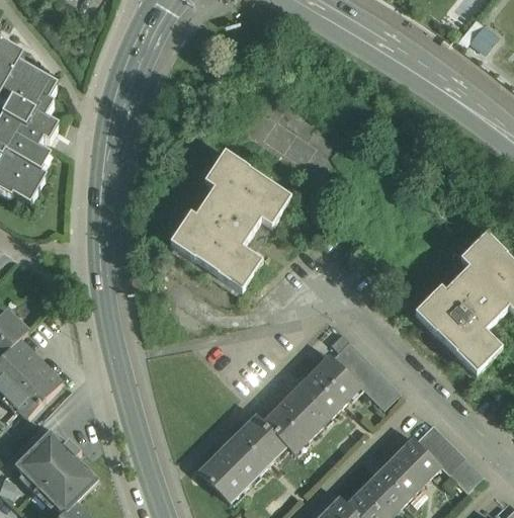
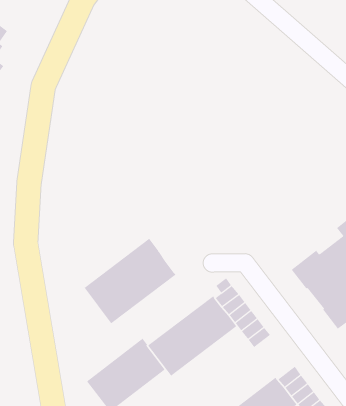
building: [169,152,289,291] -> none
building: none -> [84,238,177,324]

